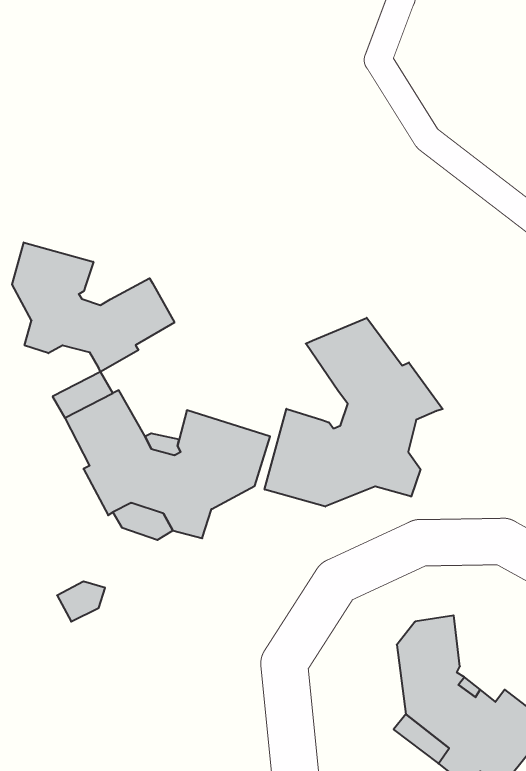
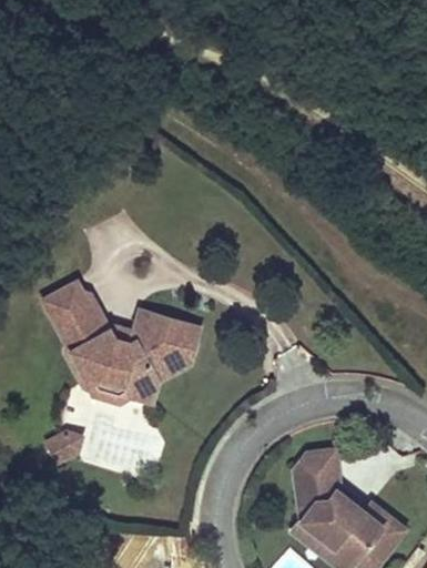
building: [12,242,174,372] -> none
building: [265,318,443,507] -> none

